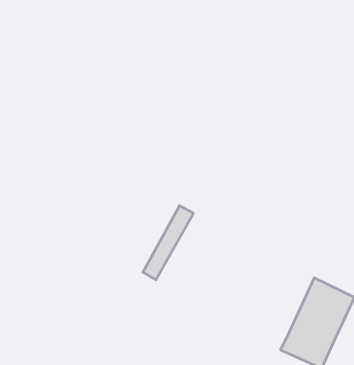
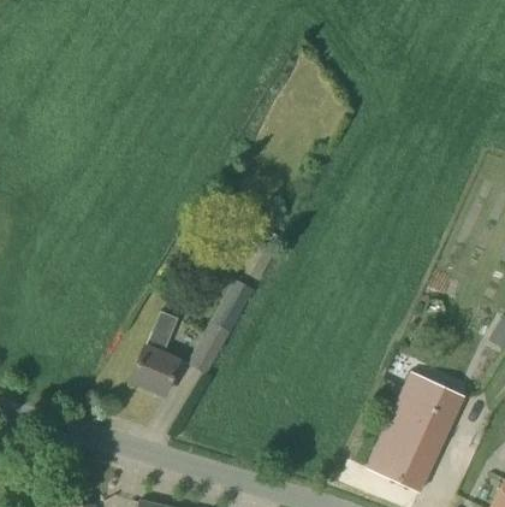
building: none -> [132,309,180,394]

